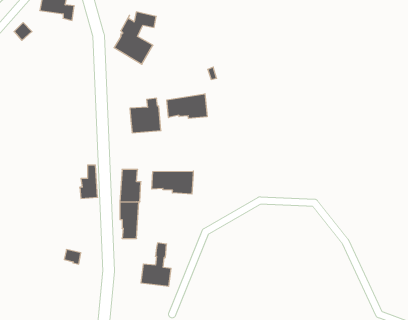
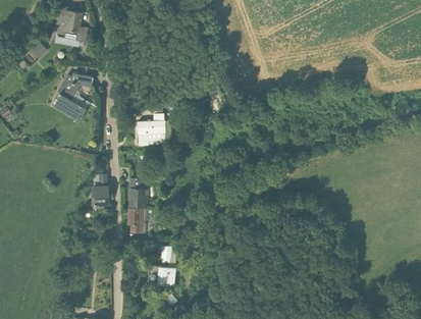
building: [114,12,156,64] -> [53,72,92,120]
building: [167,94,207,118] -> none
building: [152,171,193,194] -> none

